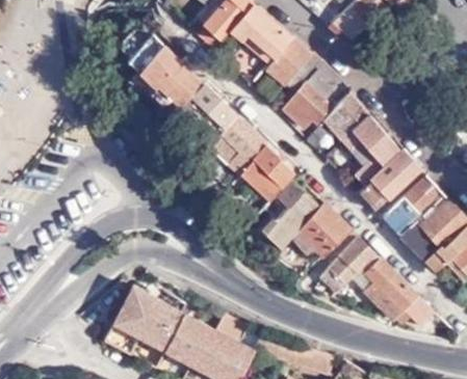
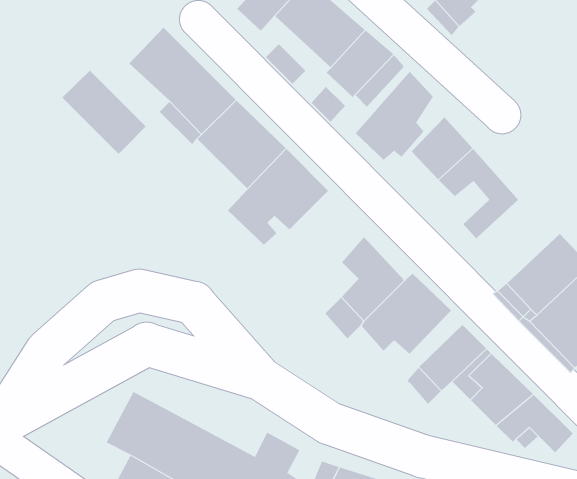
building: none -> [62,70,147,154]
building: [239,146,294,201] -> none
building: [356,150,418,209] -> none

